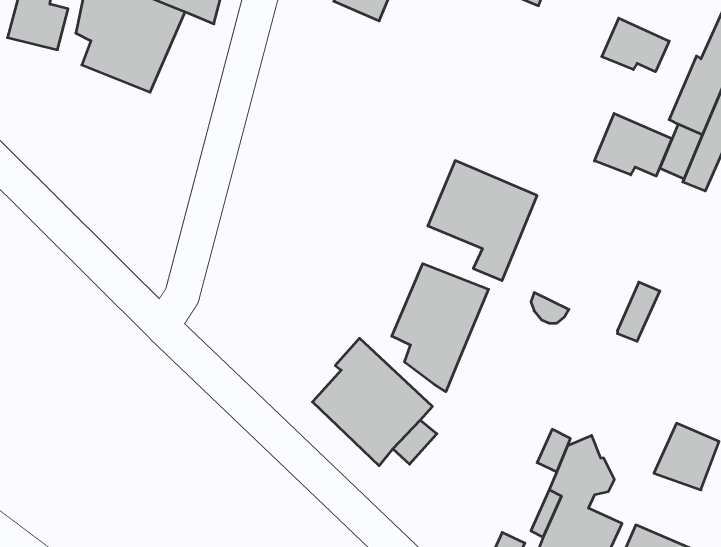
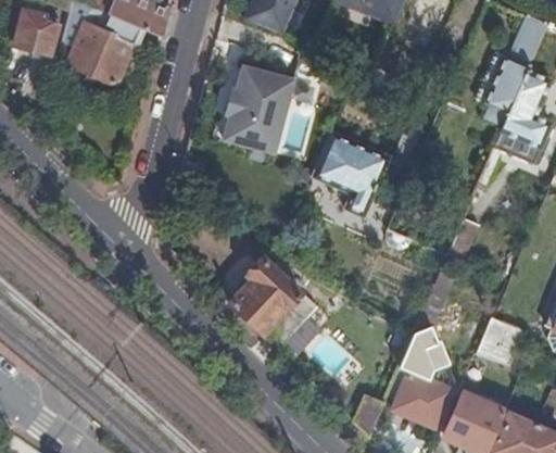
building: [602,18,669,72] -> none
building: none -> [224,66,294,154]
building: [594,113,672,176] -> none
building: [392,264,489,392] -> none

